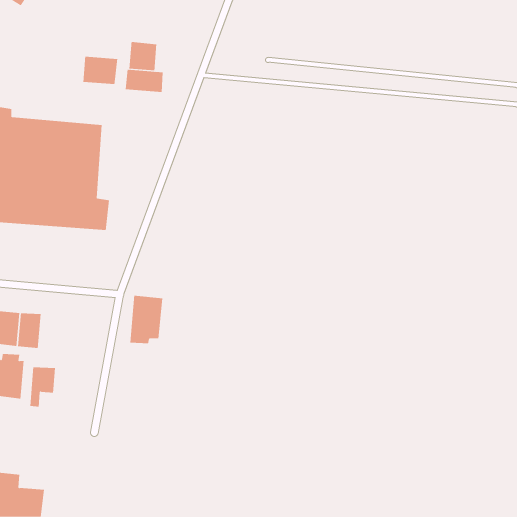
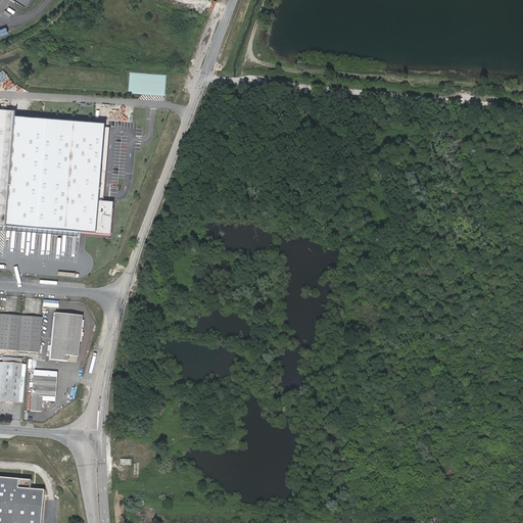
building: [129,41,157,71] -> none
building: [83,56,118,85] -> none
building: [130,295,163,344] -> [48,312,82,361]

